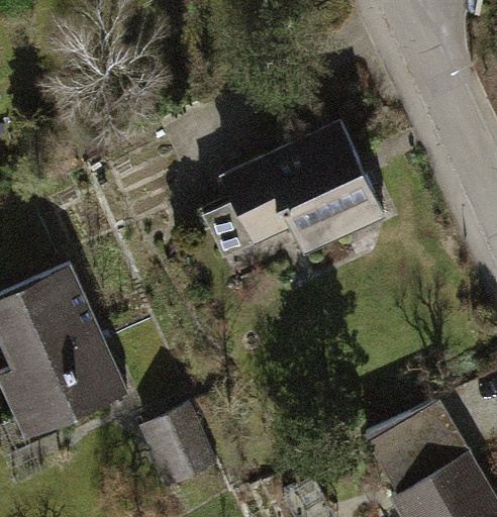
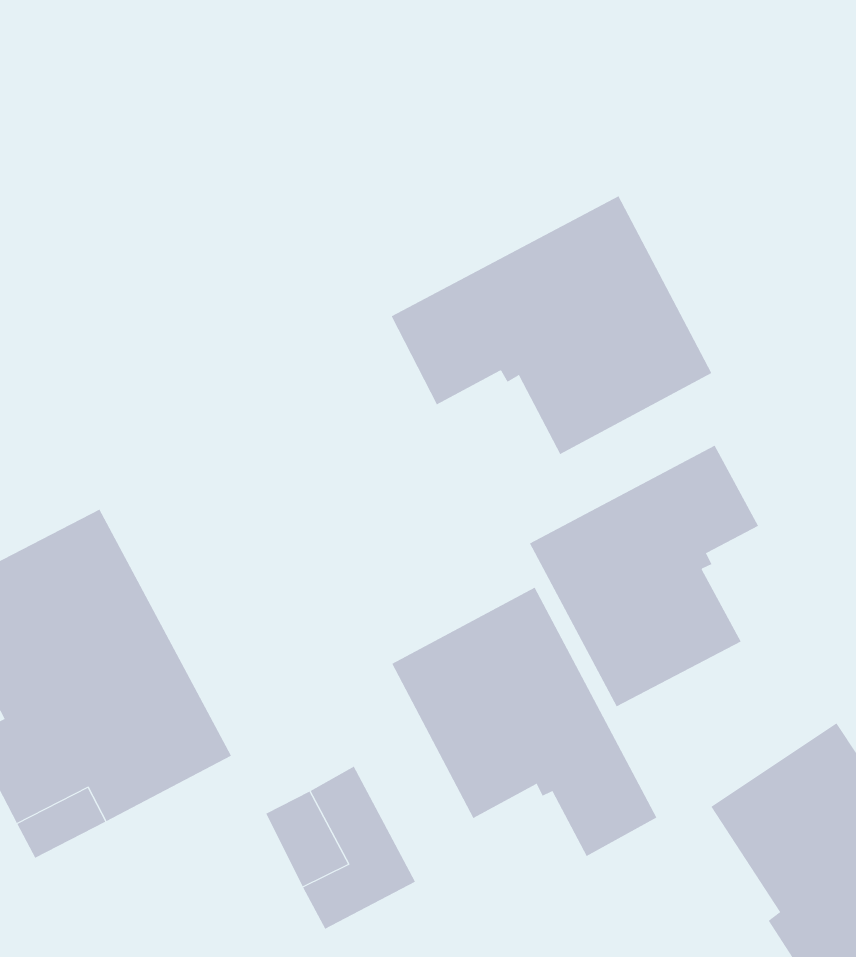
building: none -> [529,445,759,707]
building: none -> [391,587,657,857]

